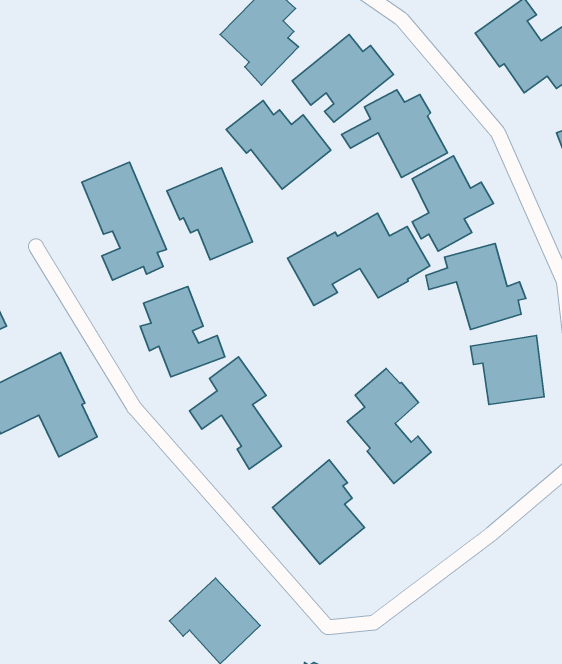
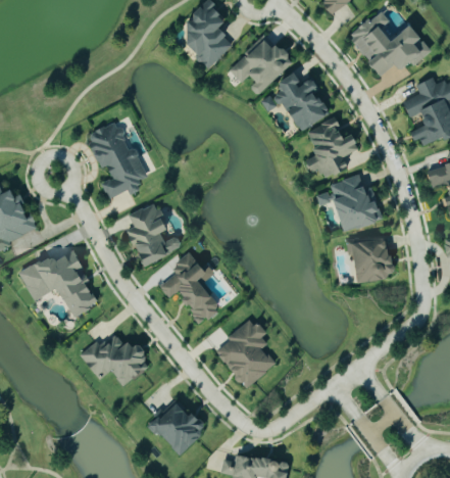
building: [226,100,331,189] -> none
building: [167,168,252,260] -> none
building: [287,213,430,306] -> none
building: [347,368,431,483] -> none
building: none -> [79,335,148,385]

